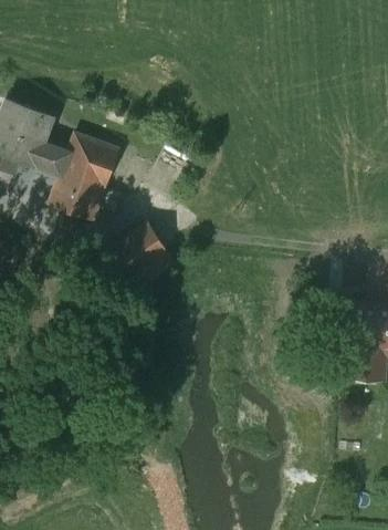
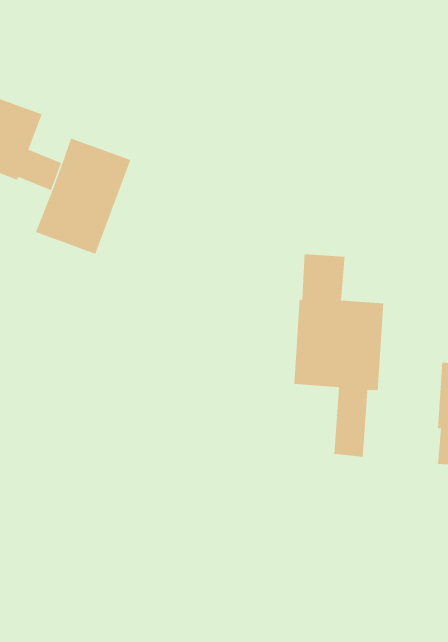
building: none -> [294,253,384,457]
building: [104,222,170,285] -> none

